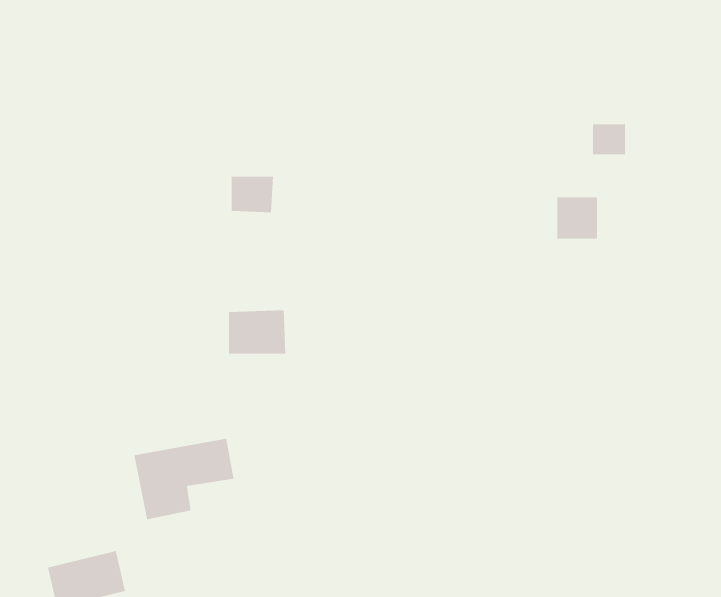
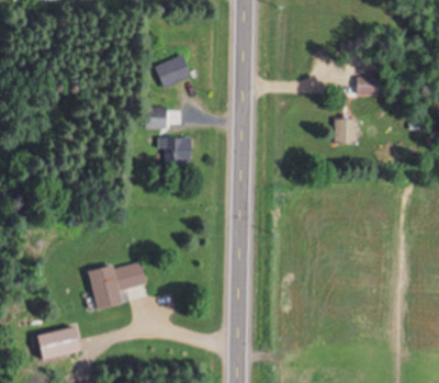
building: none -> [154,53,198,88]
building: [228,310,286,355] -> [159,137,193,164]

